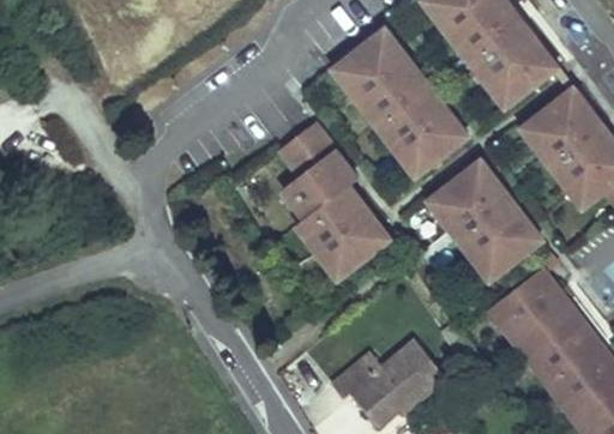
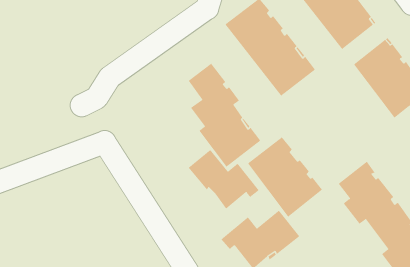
building: [429,161,541,279] -> [247,136,323,217]
building: none -> [188,149,259,209]

